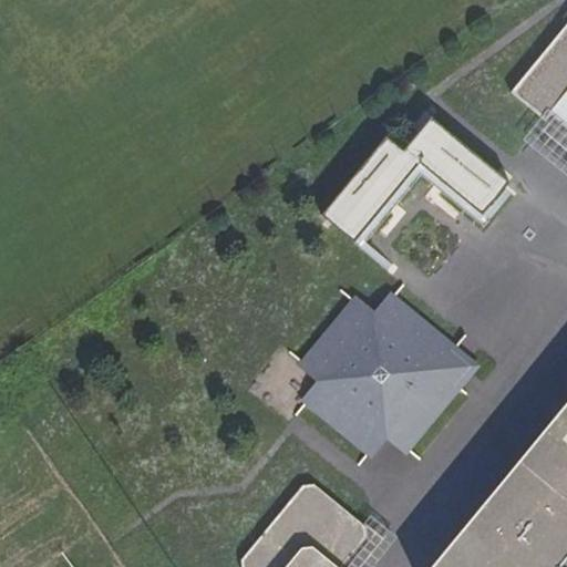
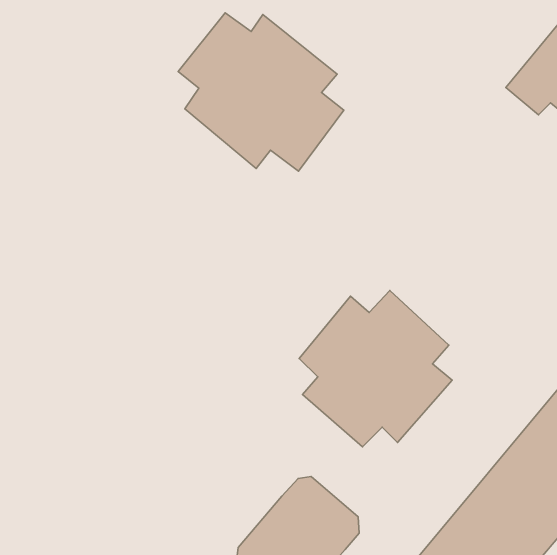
building: none -> [178,13,344,171]
building: [321,123,511,247] -> none

